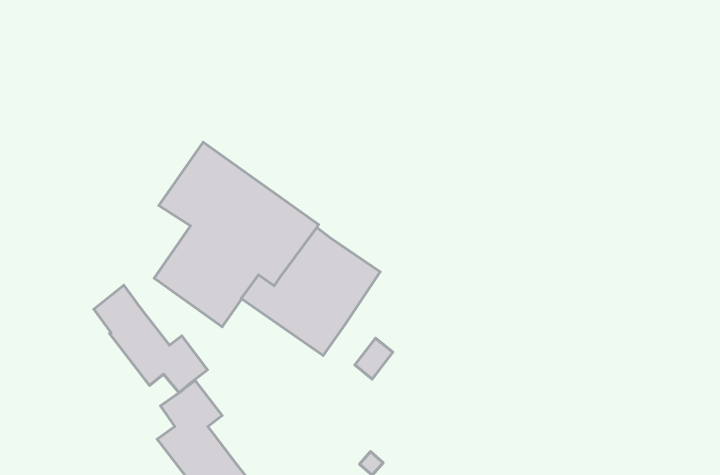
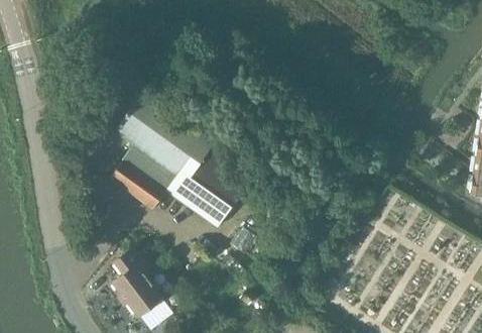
building: [94,285,207,393] -> none

